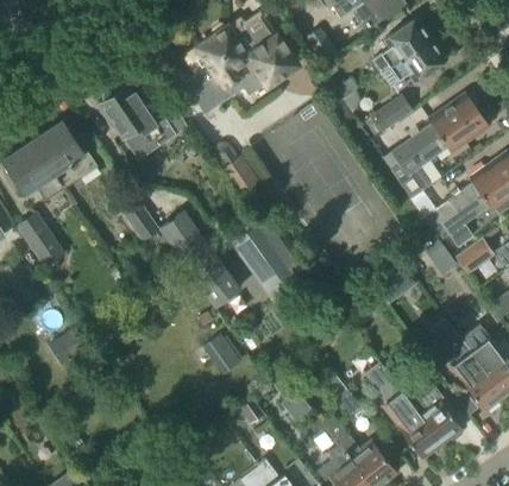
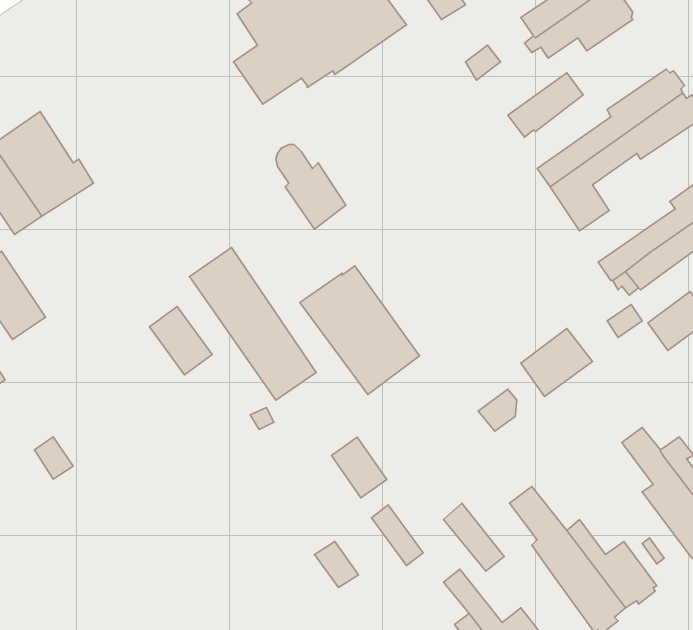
building: [101,87,187,159] -> none
building: [119,197,159,241] -> [150,307,212,375]
building: [203,334,239,373] -> [331,437,387,498]

